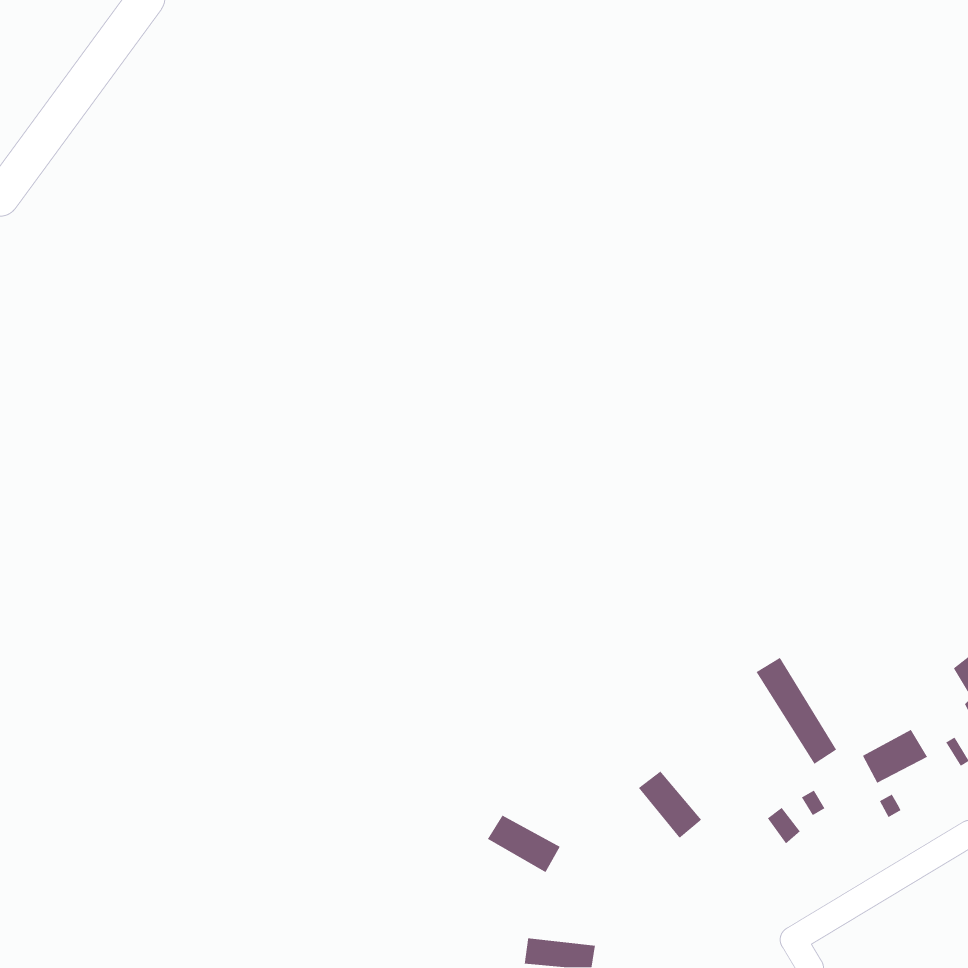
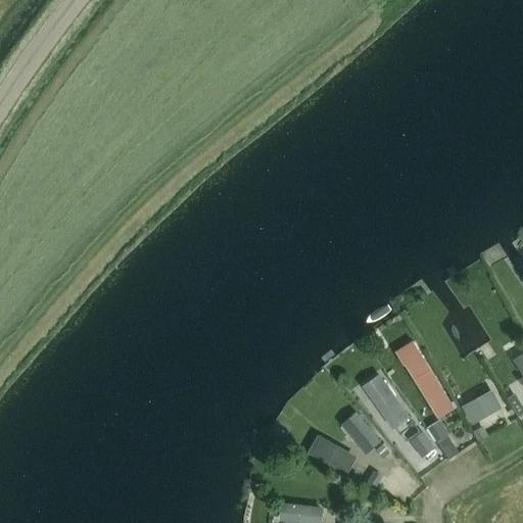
building: none -> [356,376,400,427]
building: [487,814,561,873] -> [313,439,352,471]

